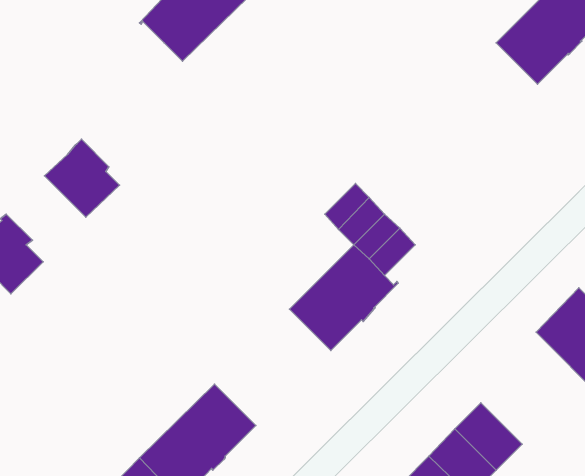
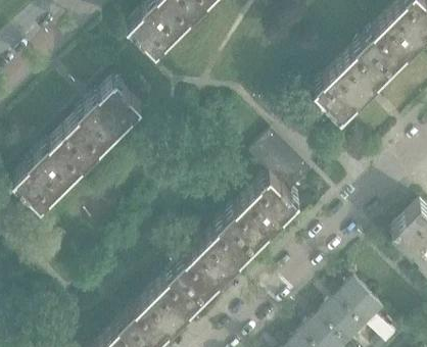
building: none -> [313,44,391,122]
building: none -> [87,82,141,139]
building: none -> [37,133,90,190]
building: none -> [176,221,253,299]

